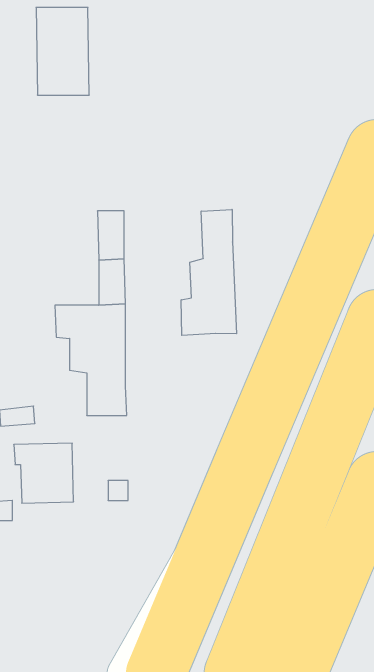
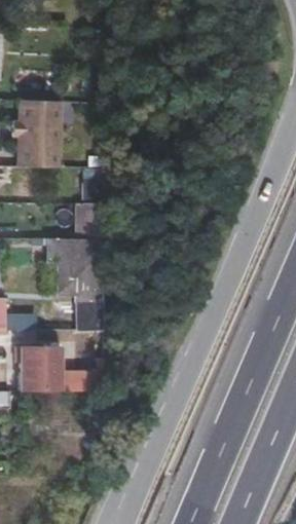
building: [36,7,89,95] -> [18,97,60,164]
building: [181,209,236,335] -> none

